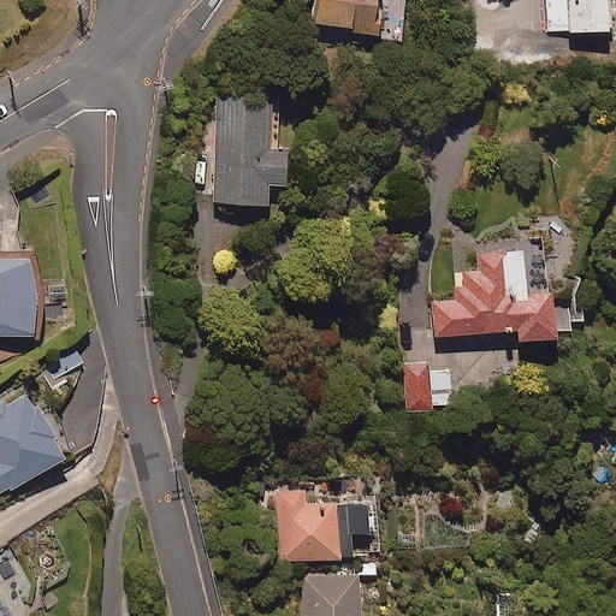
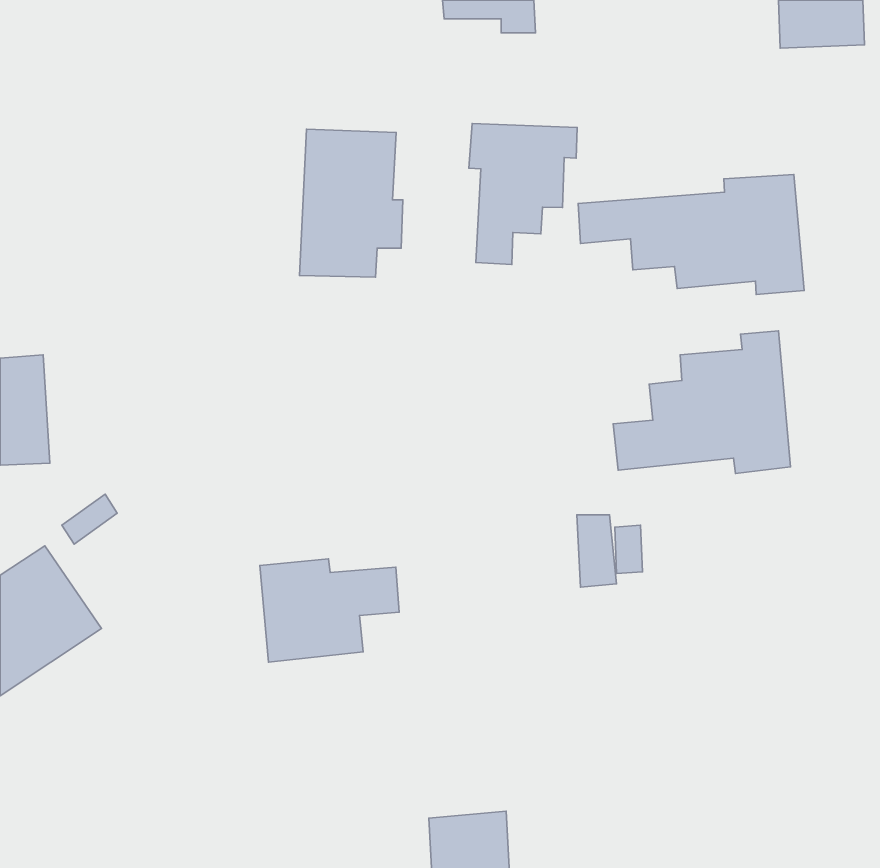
building: none -> [469,123,577,265]
building: none -> [578,174,804,295]
building: [277,492,374,564] -> [260,559,399,662]

